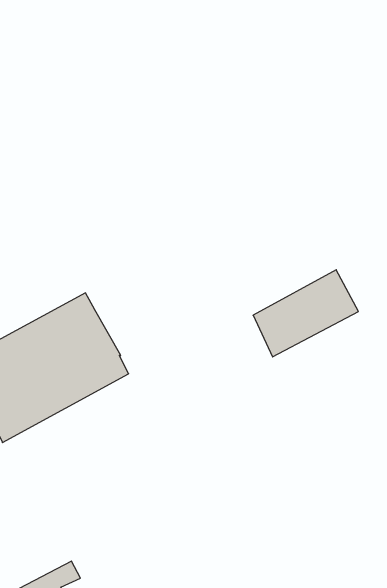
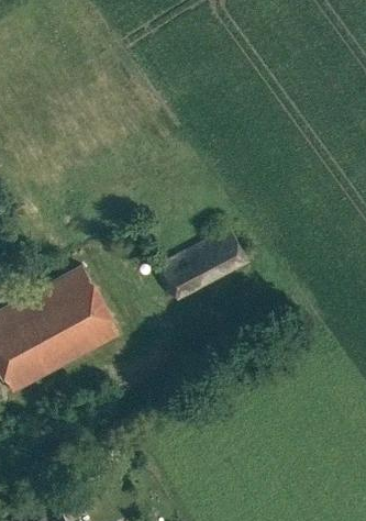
building: [253,270,358,357] -> [158,228,247,301]

